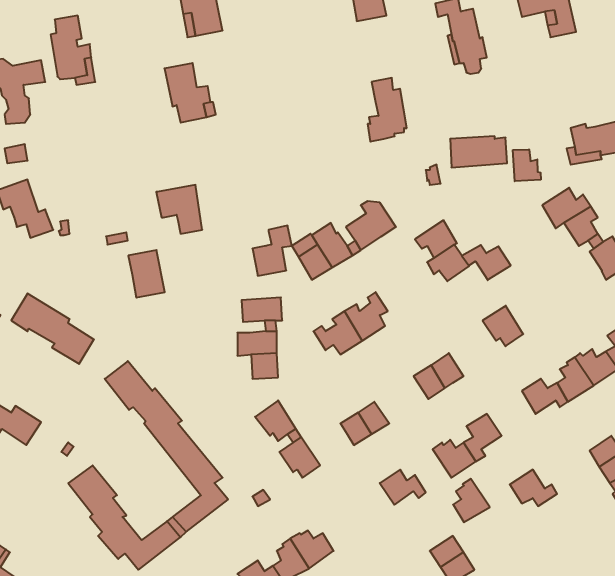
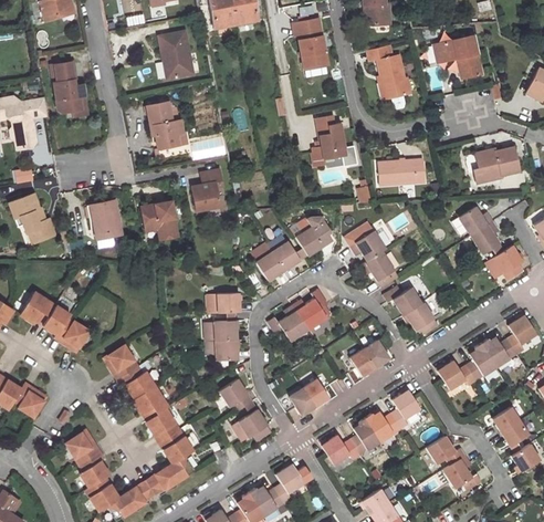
building: [513,149,541,181] -> none
building: [252,226,292,276] -> [191,169,223,210]
building: [462,245,511,280] -> [384,284,423,313]
building: [128,250,165,298] -> [90,200,119,239]
building: [453,479,490,522] -> [351,417,380,452]
building: none -> [442,453,483,489]
building: none -> [275,462,305,500]

